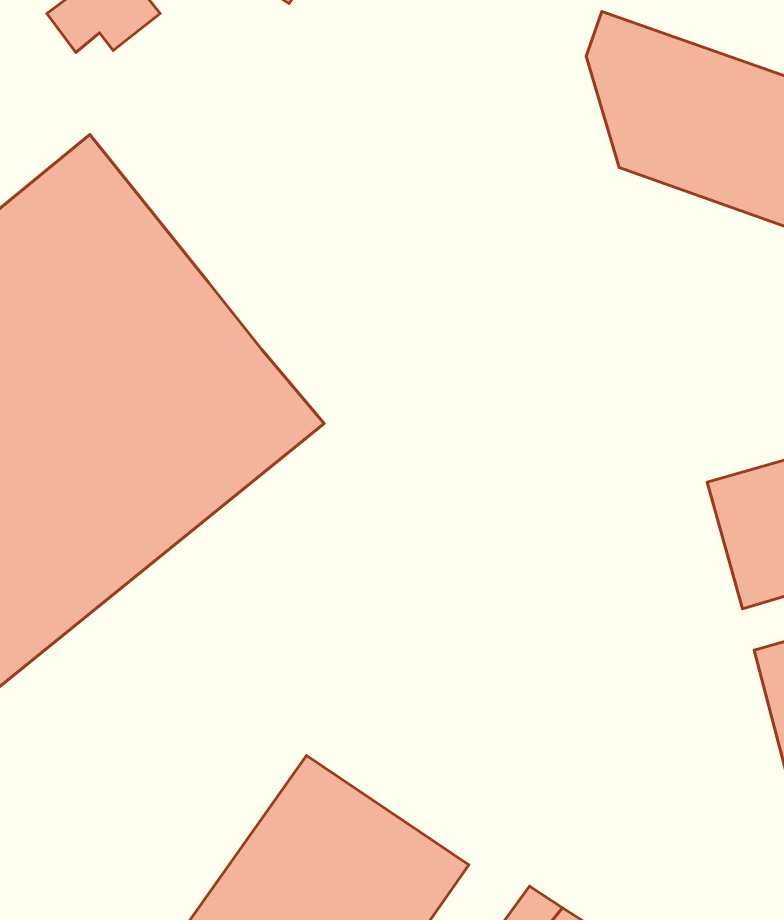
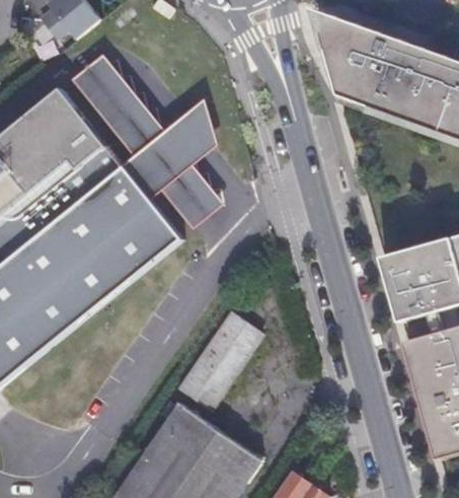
building: none -> [72,49,225,221]
building: none -> [182,314,261,407]

